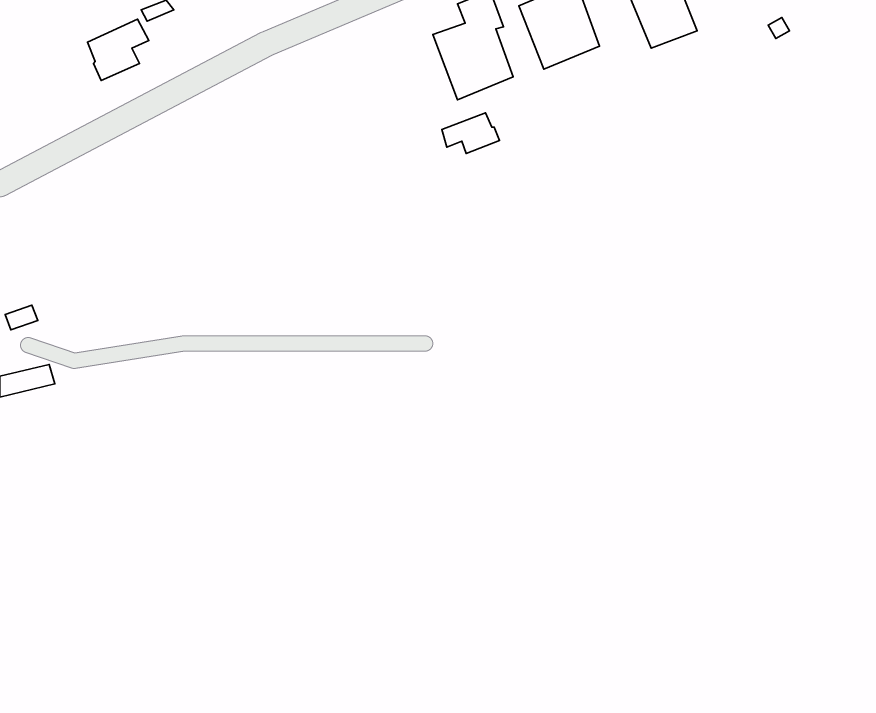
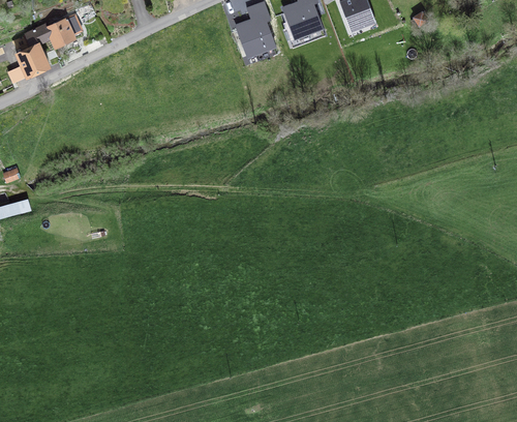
building: none -> [16,24,52,78]
building: [442,113,500,153] -> none

